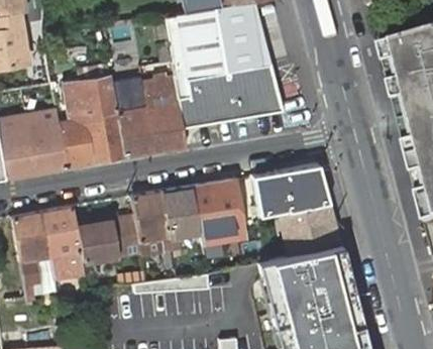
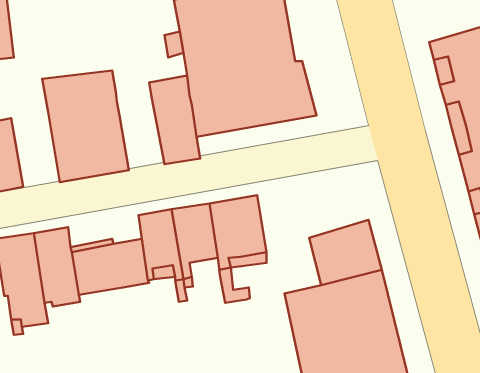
building: [115,84,156,158] -> none
building: [26,109,68,172] -> none
building: [252,165,330,220] -> none

